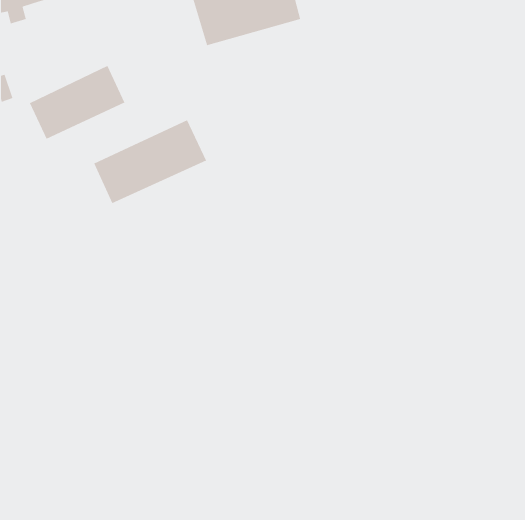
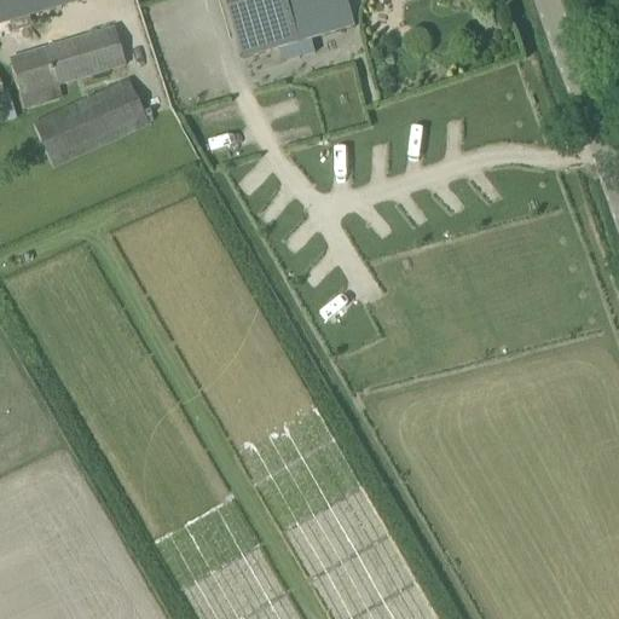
building: none -> [8,25,125,106]
building: [93,119,207,204] -> none

